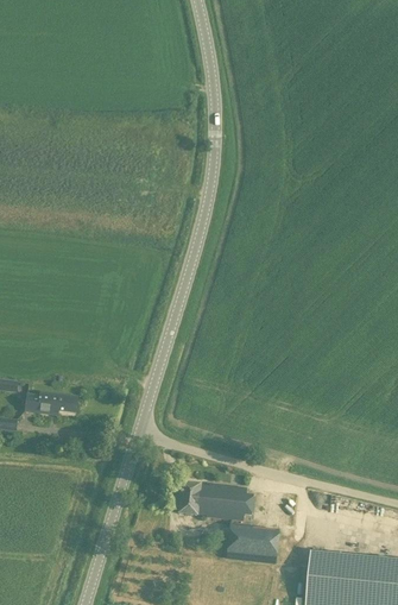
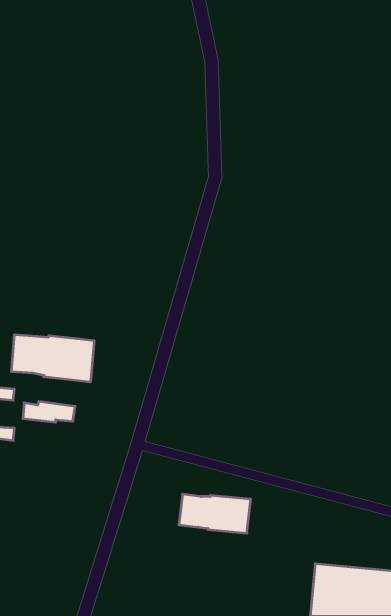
building: none -> [11,335,94,382]
building: [226,524,279,561] -> none

